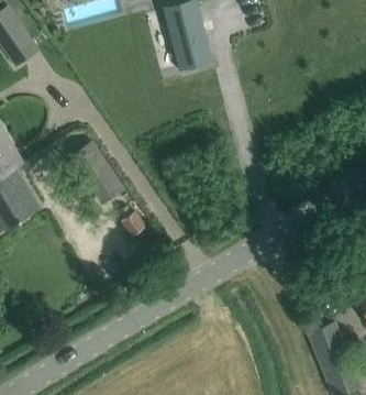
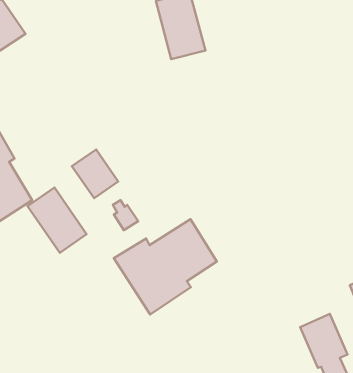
building: none -> [28,187,87,253]
building: none -> [114,219,217,315]

